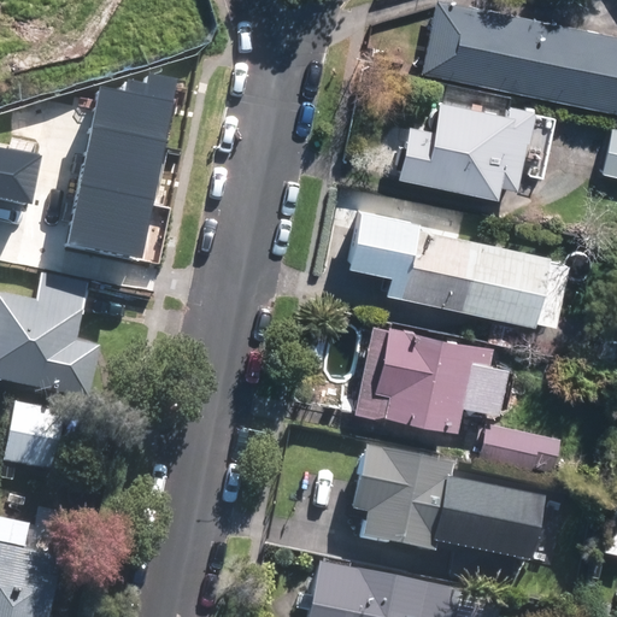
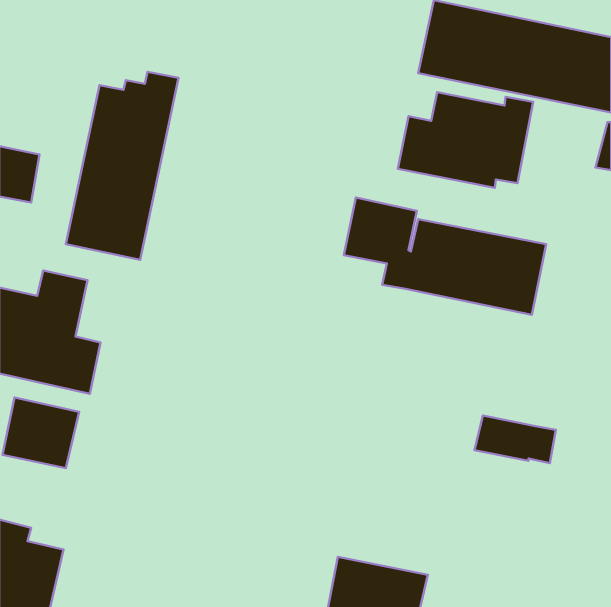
building: [355,321,507,425] -> none
building: [353,445,543,559] -> none

